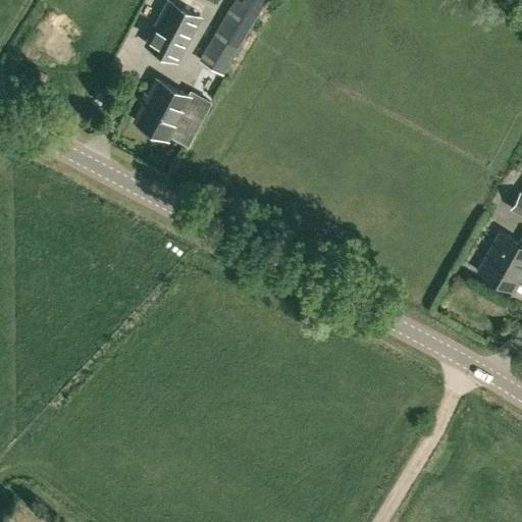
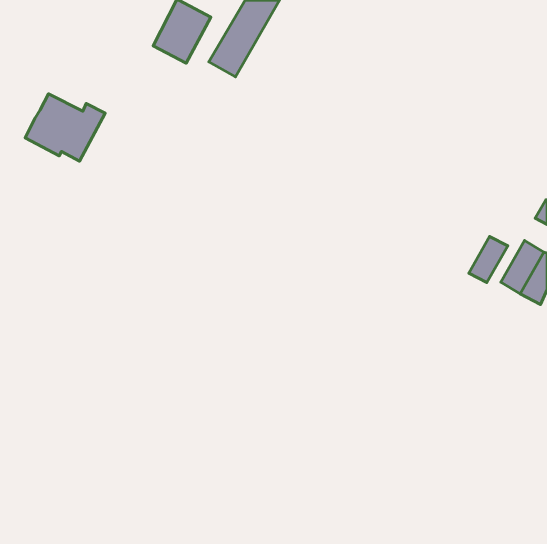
building: [136,81,212,145] -> [25,94,105,161]
building: none -> [469,236,508,283]

